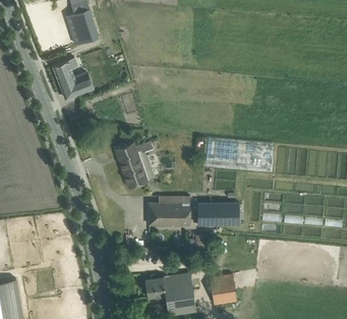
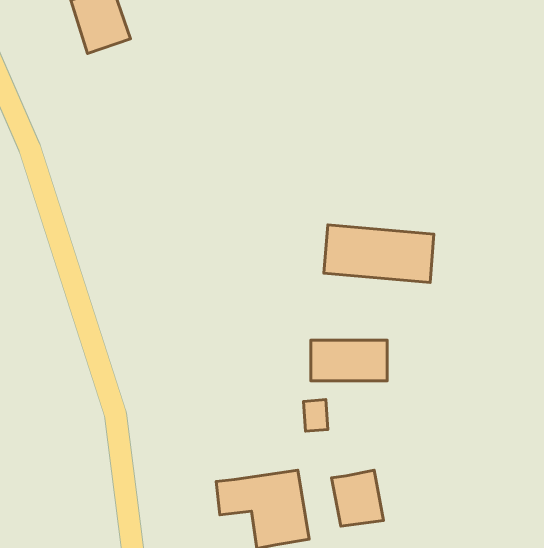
building: [52,56,94,100] -> none
building: [115,142,153,189] -> none
building: [149,197,190,225] -> none

